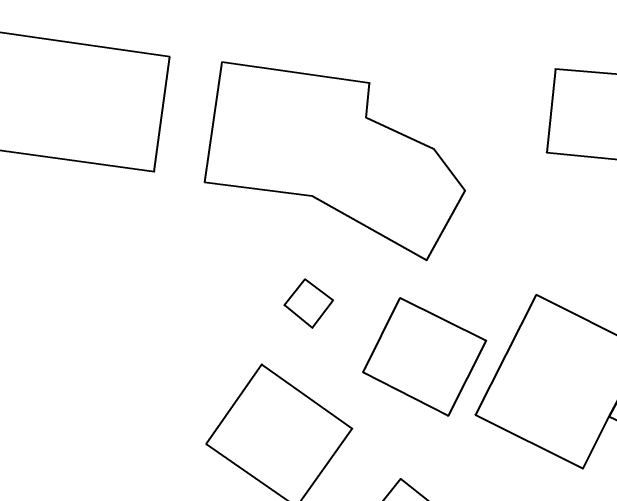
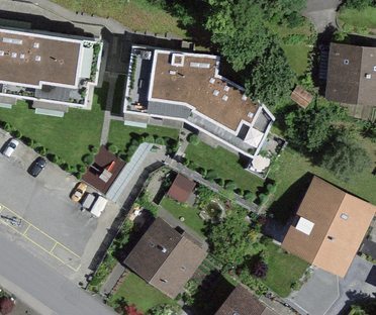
building: [363,298,486,416] -> none

